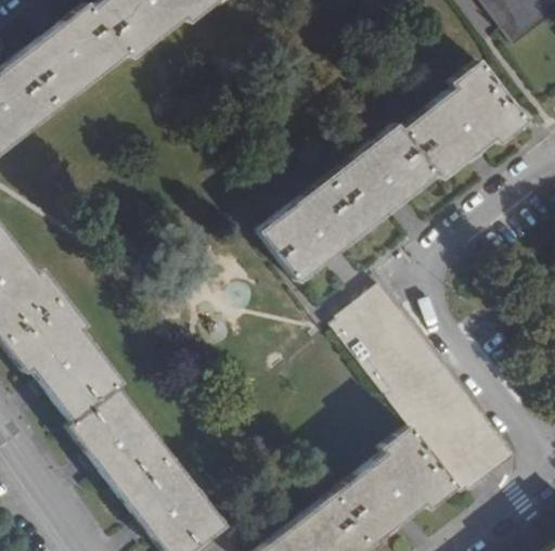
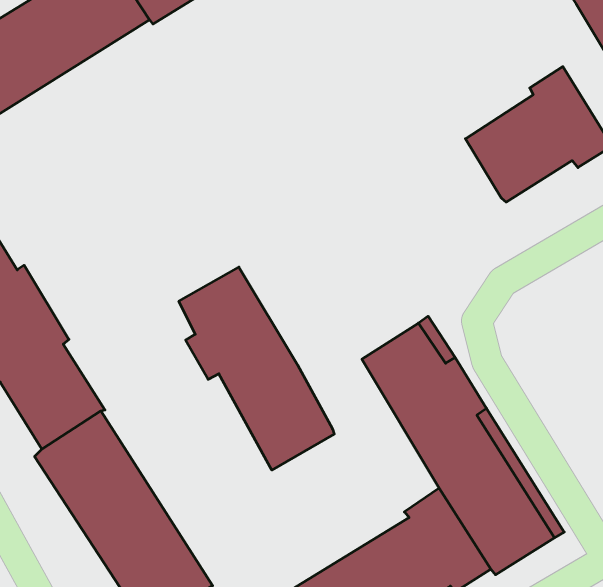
building: [258,124,436,282] -> none
building: none -> [179,267,334,470]

